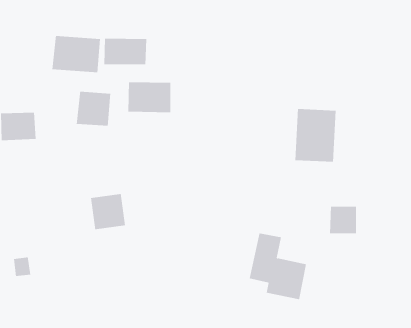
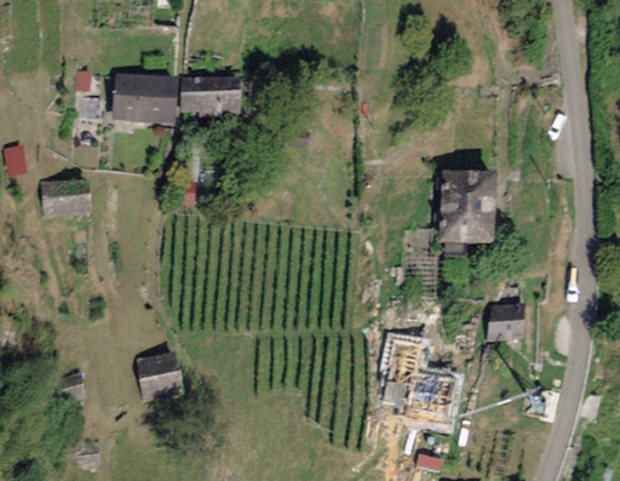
building: [128,81,171,113] -> none
building: [76,91,111,127] -> none
building: [90,193,126,230] -> [134,350,183,400]

